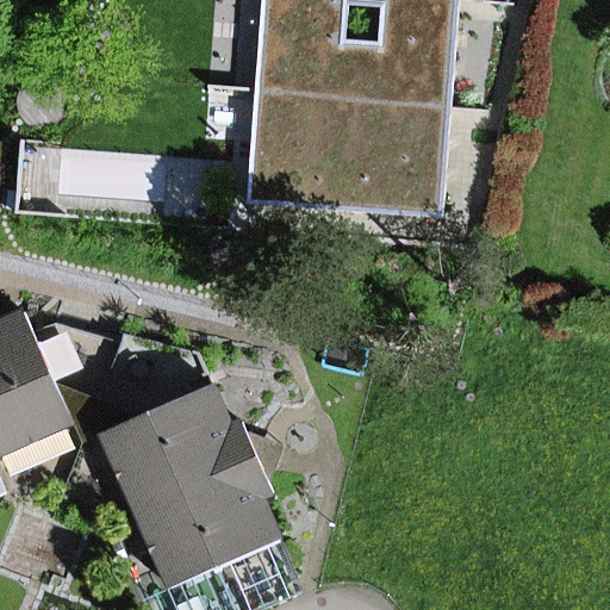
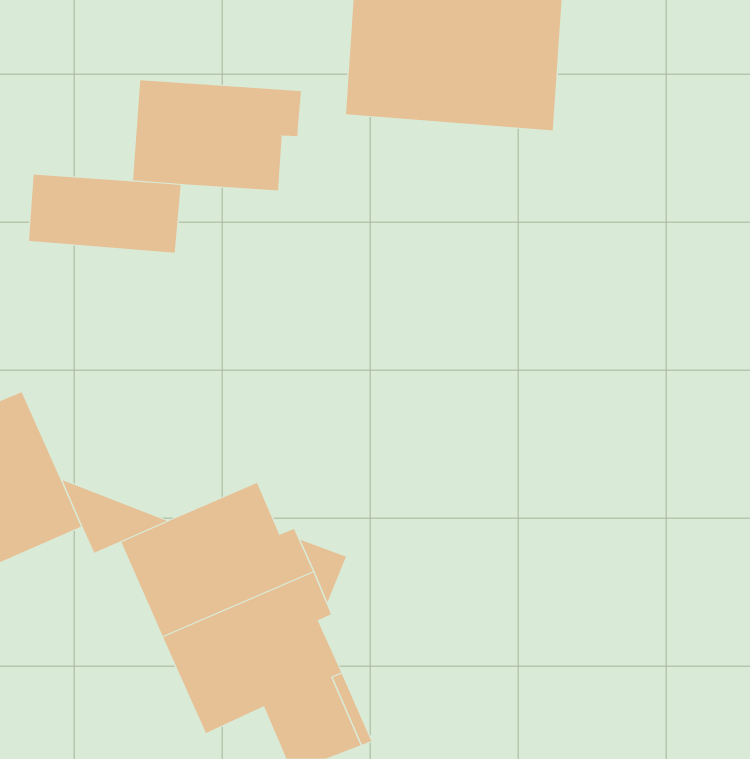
building: none -> [132,80,302,191]
building: [268,92,443,218] -> none

